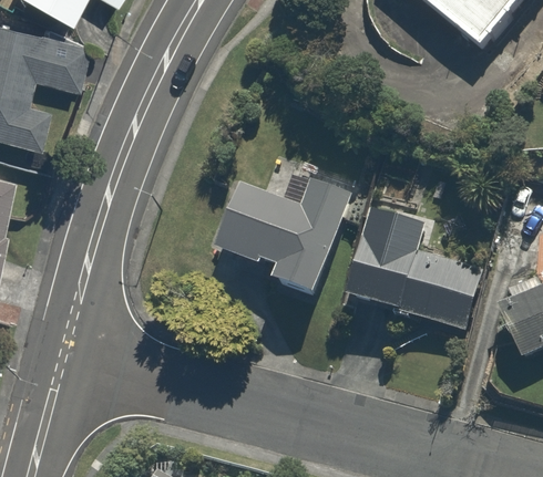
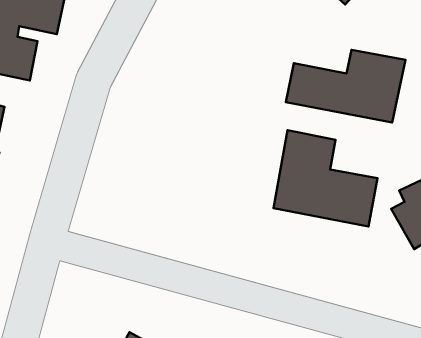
building: none -> [286,50,405,123]
building: [221,176,358,304] -> none

